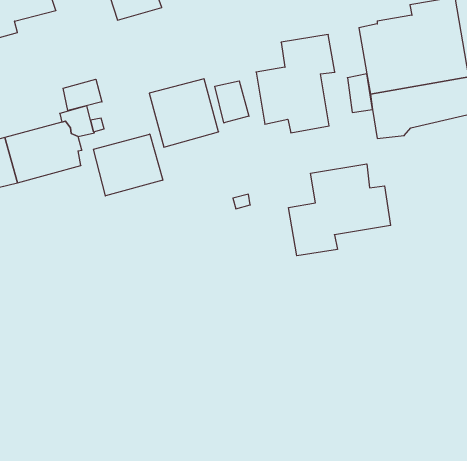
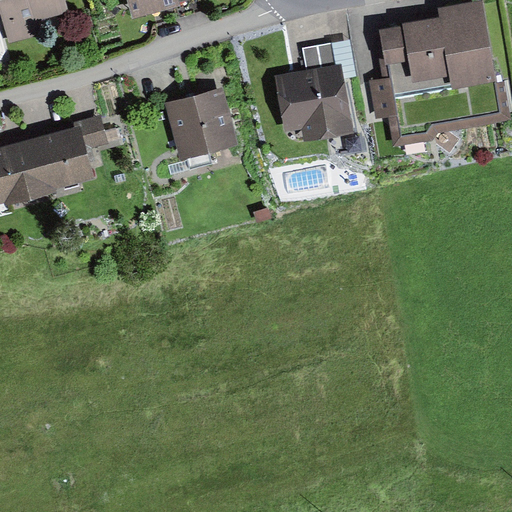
building: [63,79,102,110] -> none
building: [215,81,249,123] -> none
building: [94,134,163,196] -> none
building: [289,164,391,256] -> none

